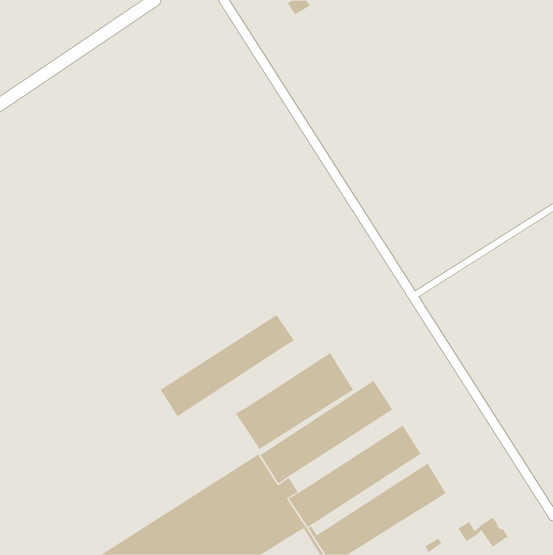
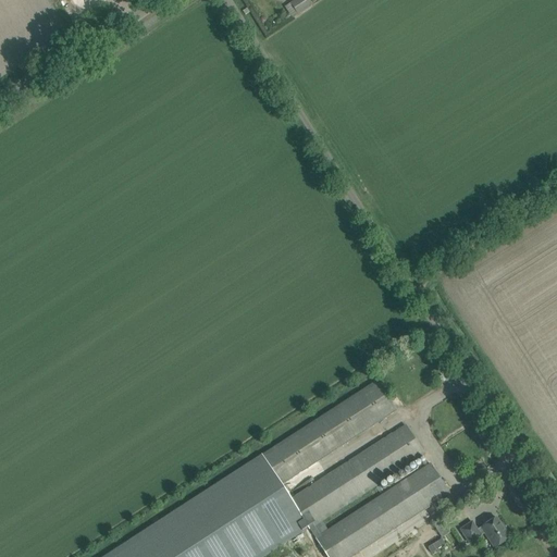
building: [160,314,295,417] -> none
building: [235,352,354,450] -> none

